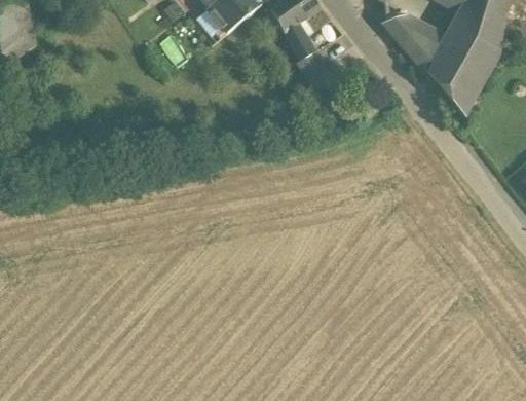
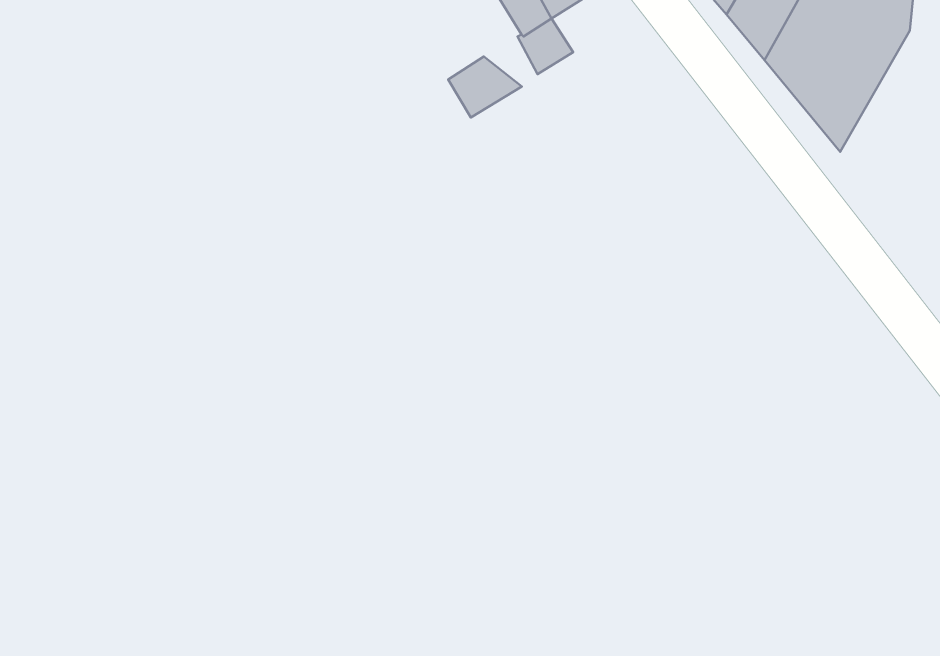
building: none -> [448,57,522,118]

